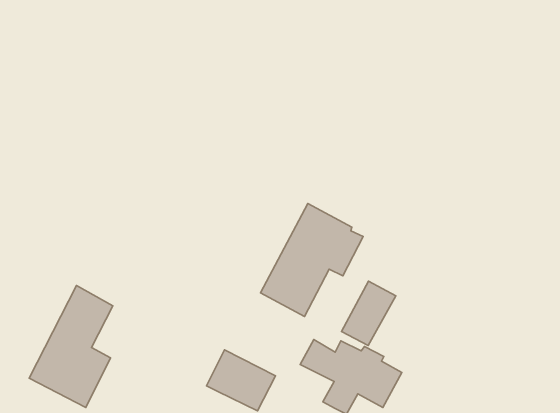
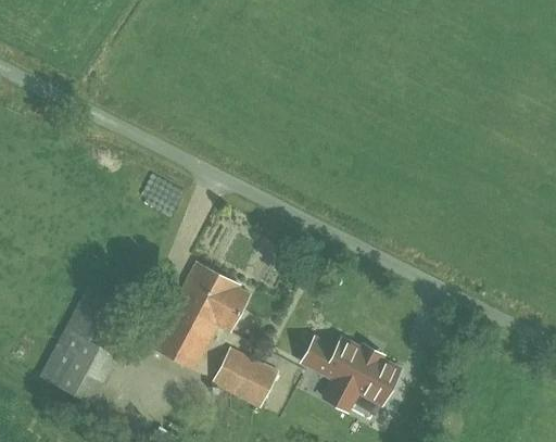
building: [260,204,363,317] -> [150,262,249,370]
building: [342,281,396,345] -> none

